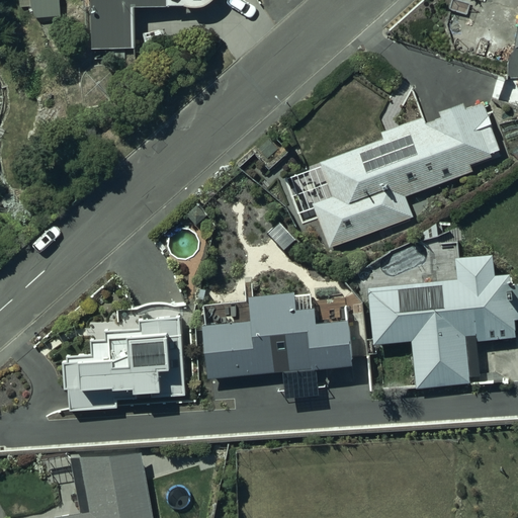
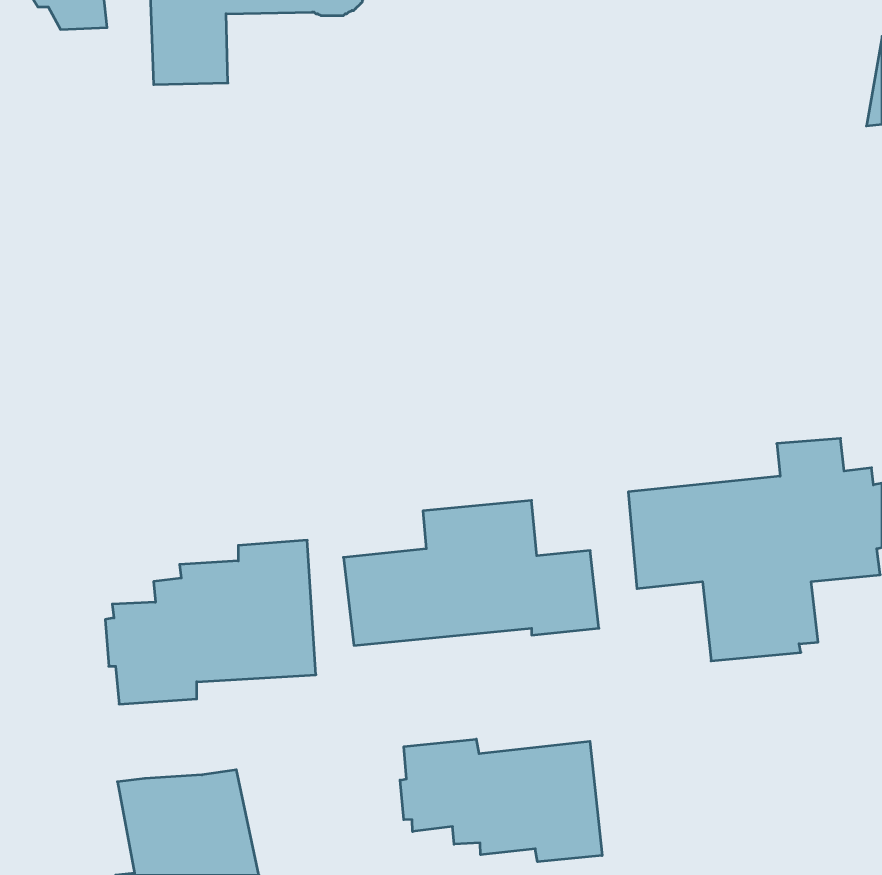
building: [285,104,499,247] -> none
building: none -> [400,739,602,862]

